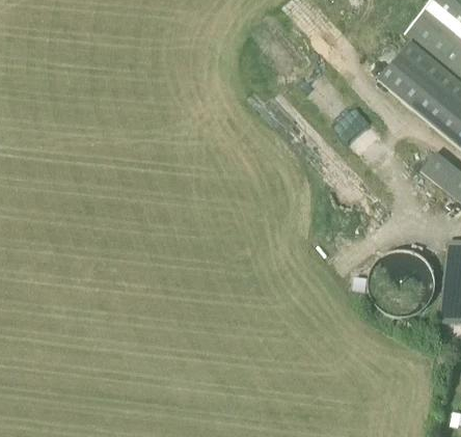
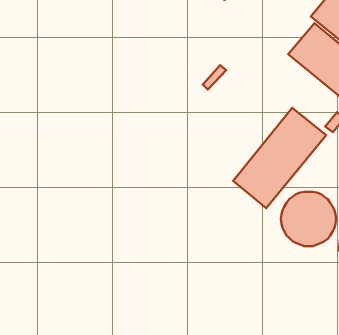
building: none -> [233,108,326,208]

